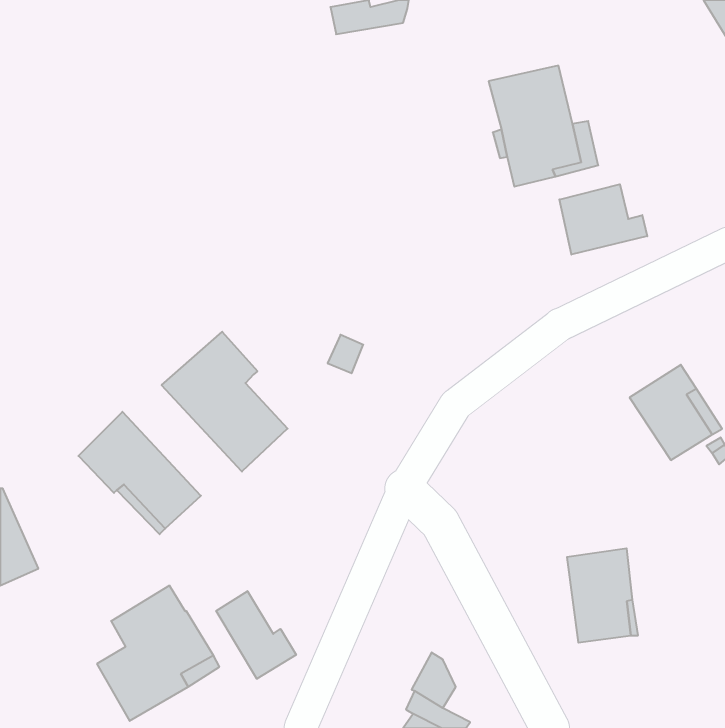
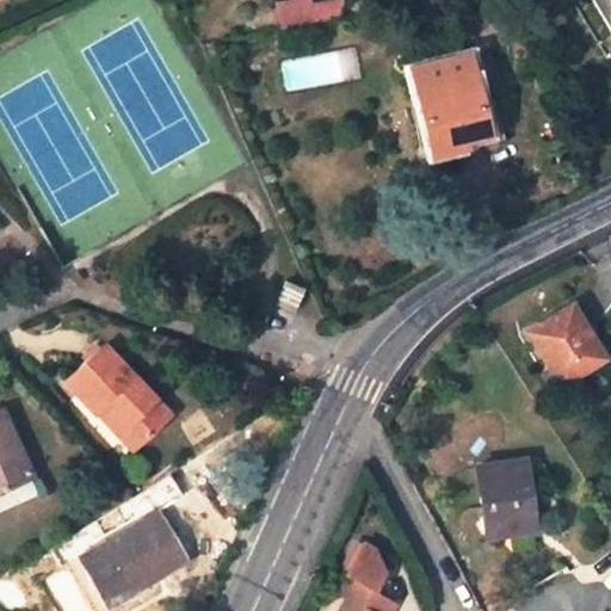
building: [559,184,647,255] -> none
building: [162,332,288,472] -> none
building: [216,591,296,679] -> none

